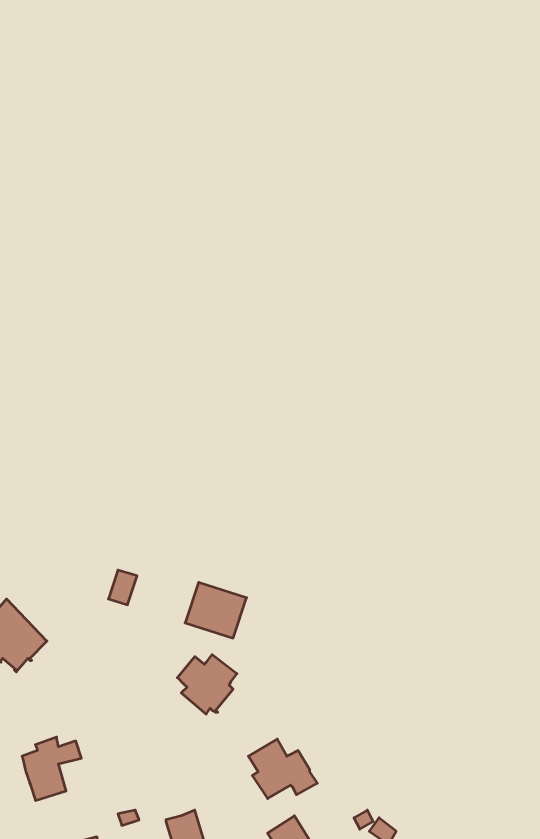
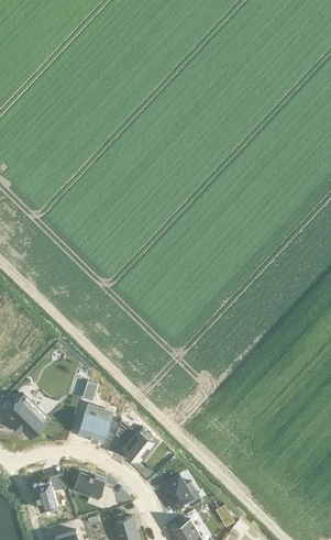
building: [185,582,247,638] -> [76,410,111,442]
building: none -> [74,473,114,507]

